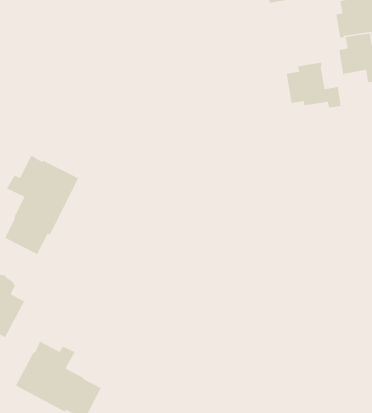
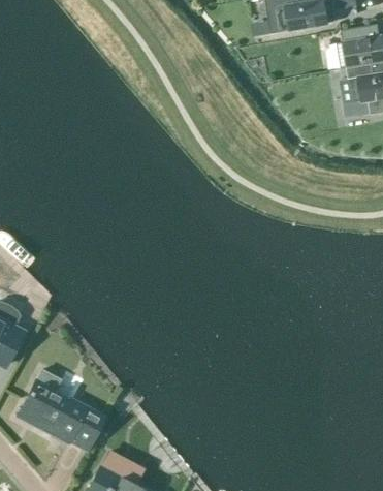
building: [286,62,342,109] -> none
building: [4,155,79,255] -> none

